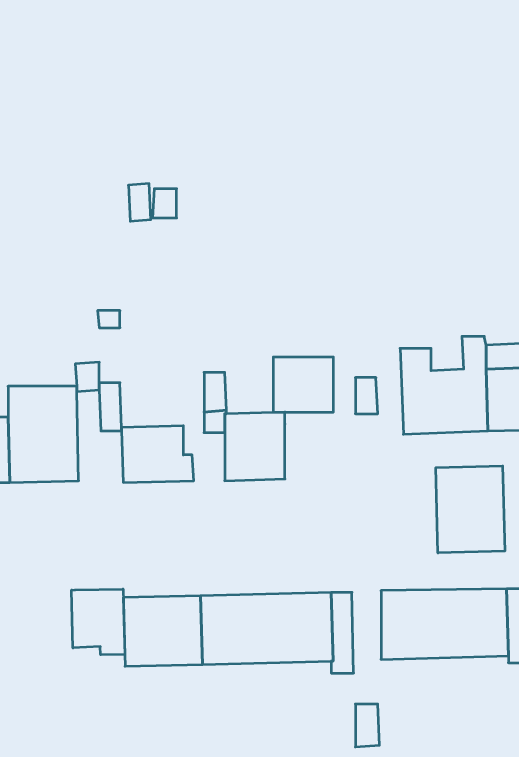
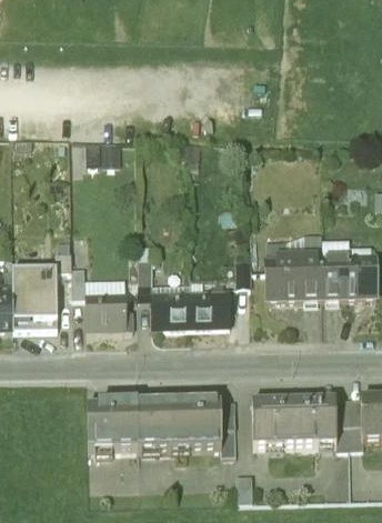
building: [273,357,333,412] -> [190,291,229,326]
building: [436,466,505,553] -> none
building: [72,589,125,655] -> none

